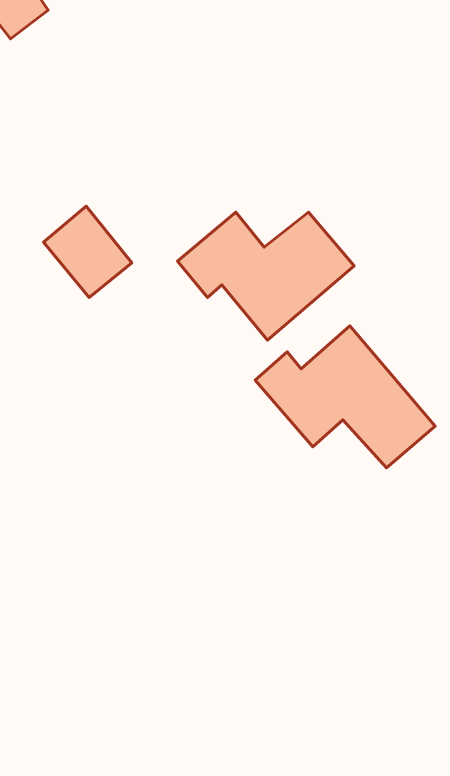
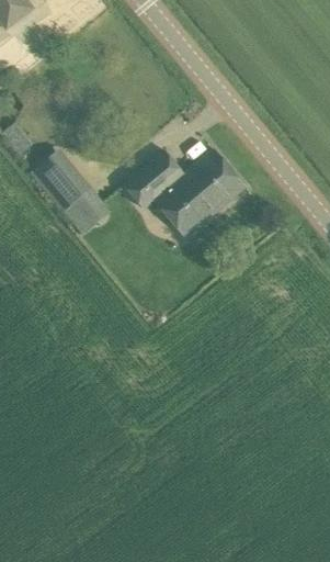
building: [255,326,435,468] -> none

